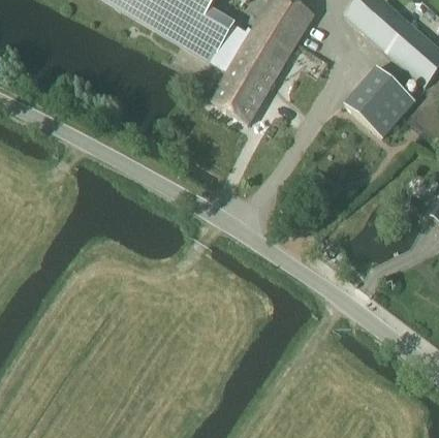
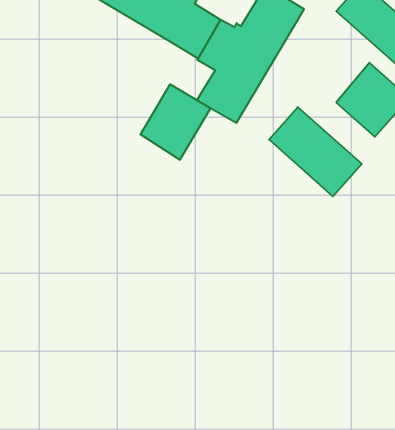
building: none -> [140,84,210,160]
building: none -> [269,107,362,196]

